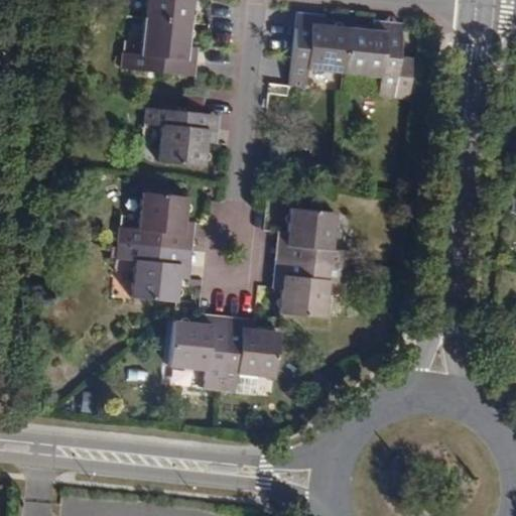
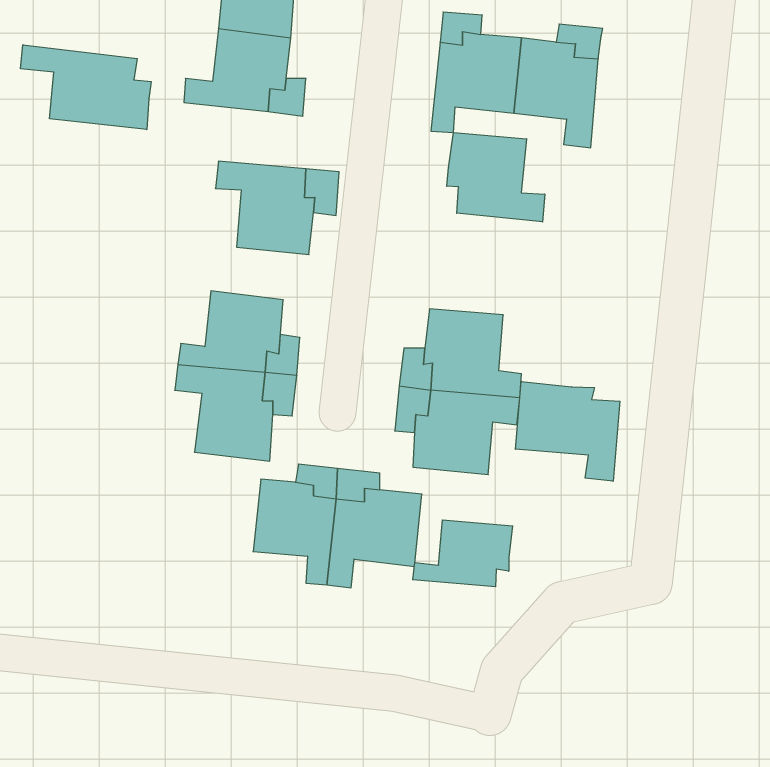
building: none -> [21,45,151,130]
building: none -> [447,133,545,222]
building: none -> [515,381,620,481]
building: none -> [413,520,513,587]

